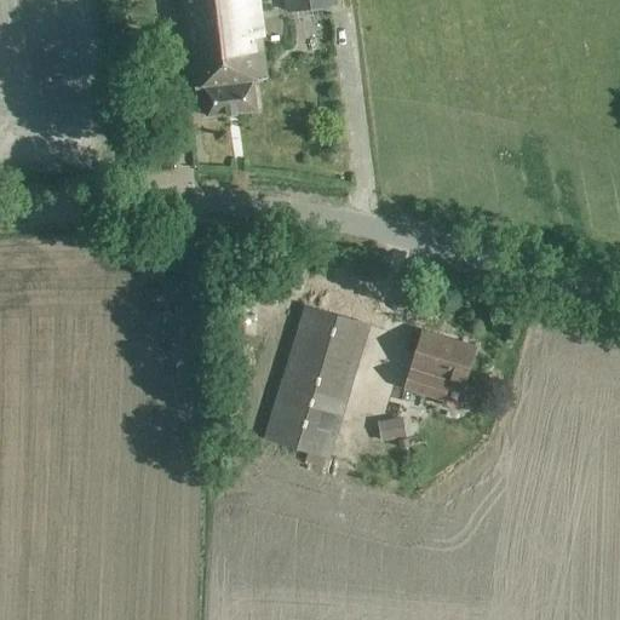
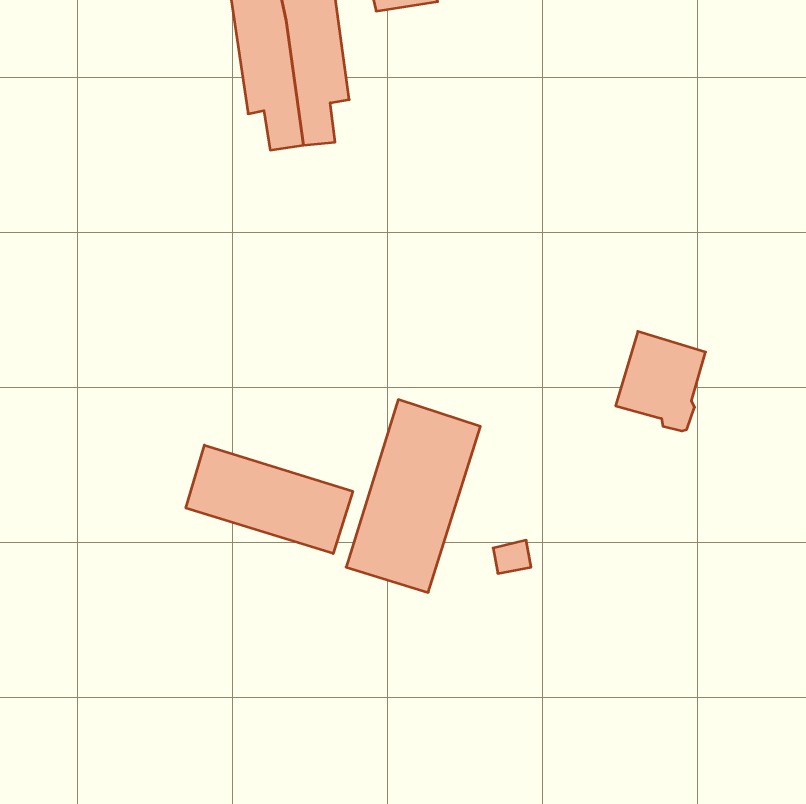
building: [408,329,477,406] -> [616,331,706,431]
building: none -> [186,445,353,554]

